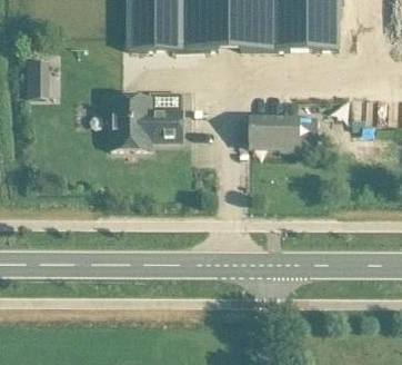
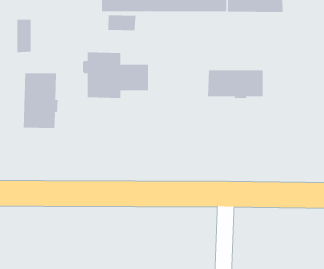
building: none -> [108,14,136,31]
building: none -> [23,72,58,129]

